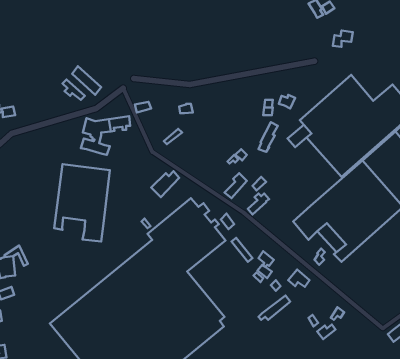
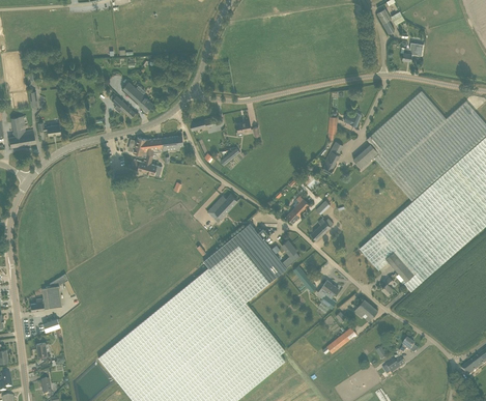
building: [54,164,110,242] -> none

